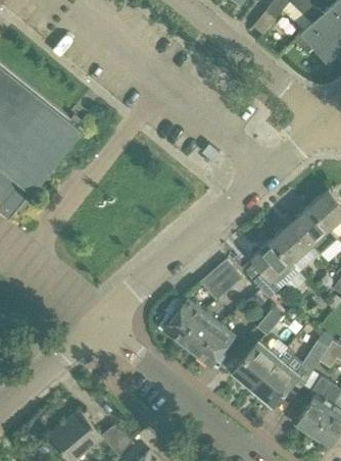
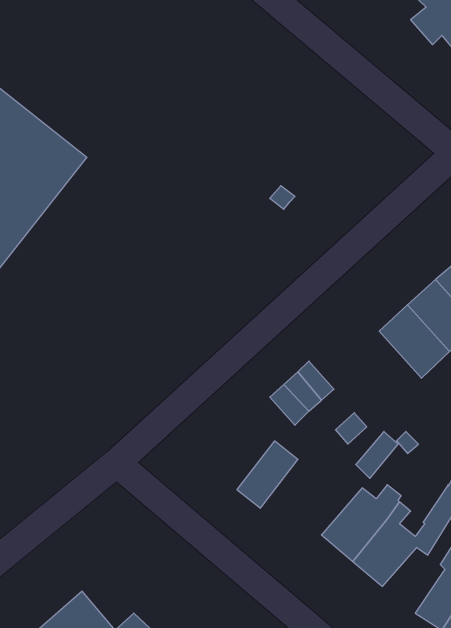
building: [253,241,300,299] -> none
building: [163,300,204,344] -> none
building: [195,324,235,368] -> none

